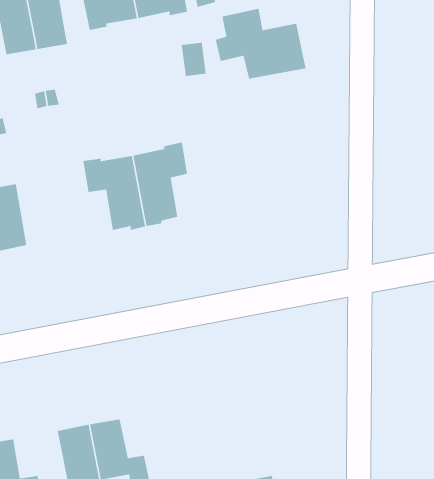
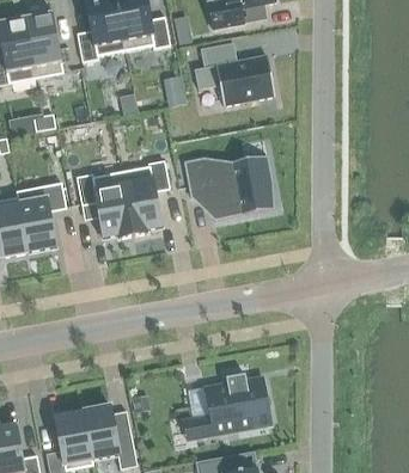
building: none -> [182,154,273,219]
building: none -> [14,182,66,251]
building: none -> [181,373,271,440]

